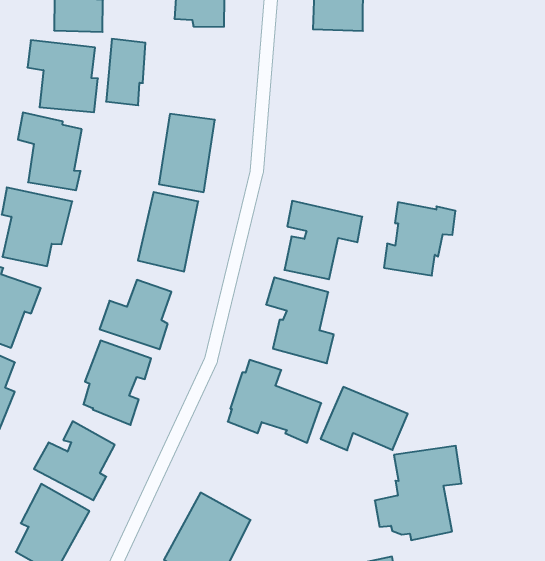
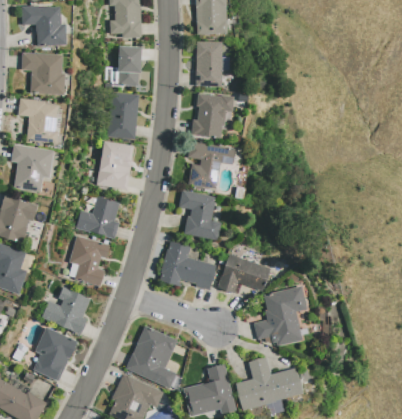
building: [106,39,145,105] -> [118,46,140,86]
building: none -> [195,41,222,86]
building: [384,202,456,276] -> [191,93,233,137]

